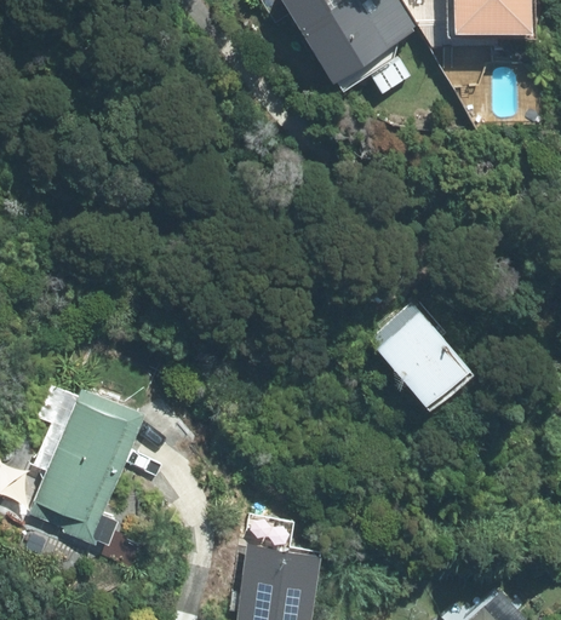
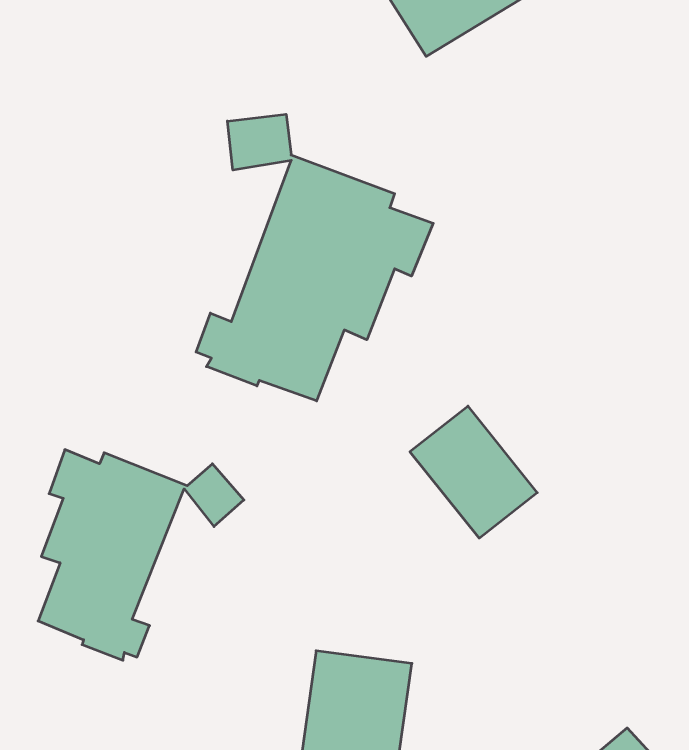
building: none -> [196,114,433,401]
building: [368,304,466,406] -> [410,406,537,538]

